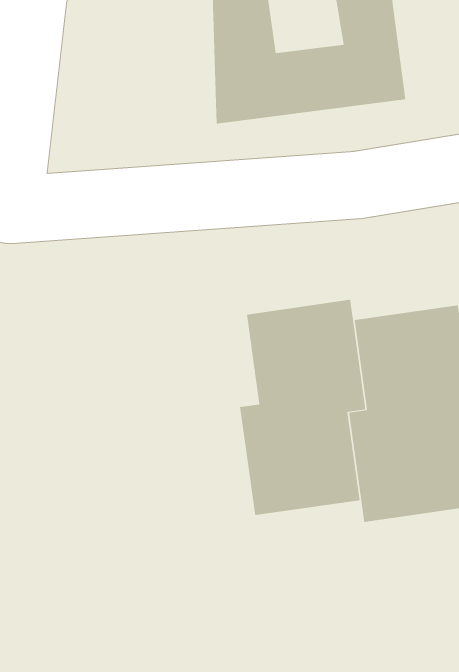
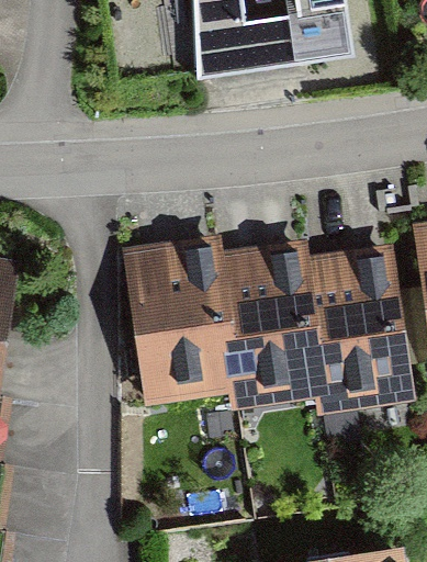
building: none -> [123,234,234,408]

